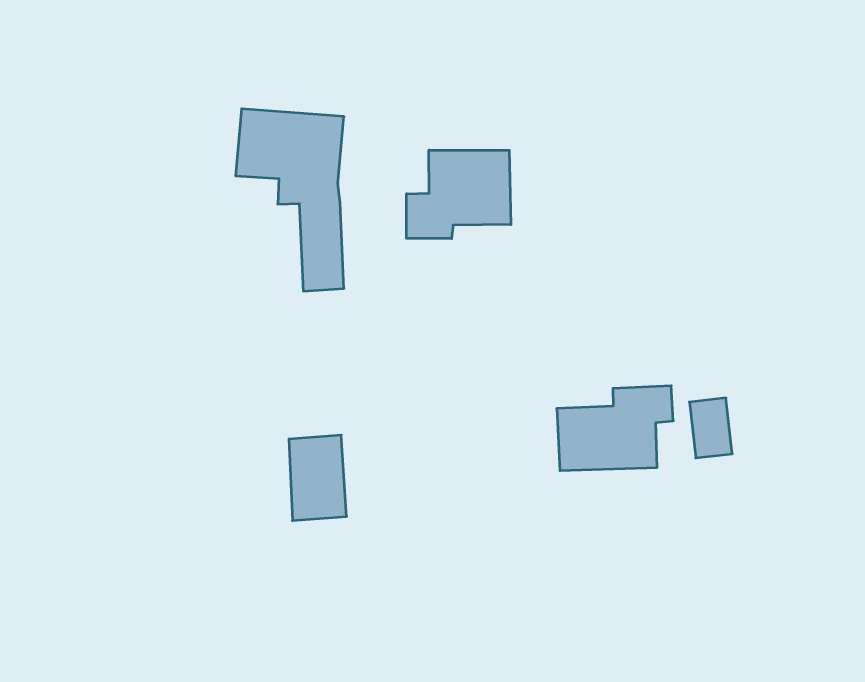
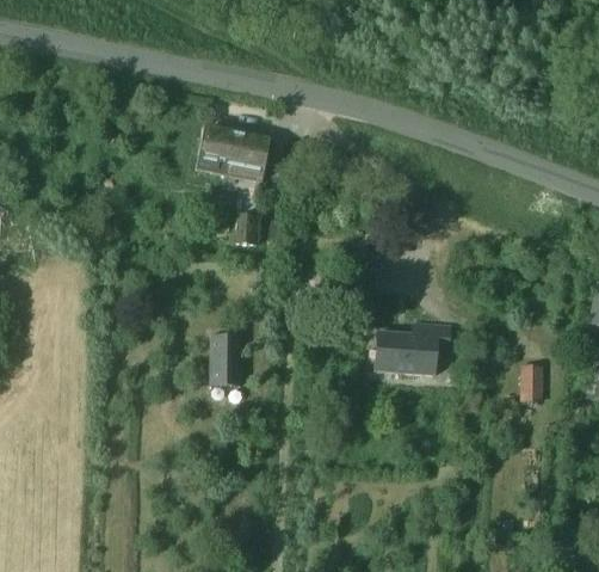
building: [407,150,511,239] -> none
building: [689,398,732,458] -> [520,363,543,398]

